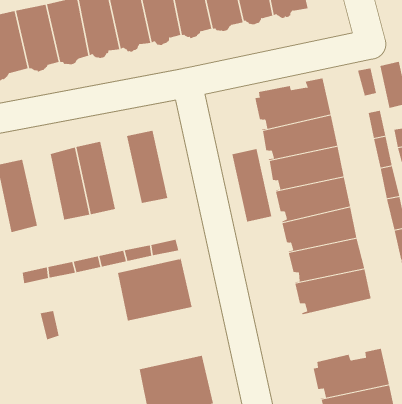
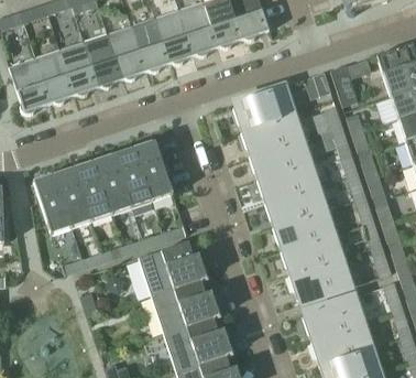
building: [232,148,272,222] -> [114,147,152,206]
building: none -> [54,168,91,226]
building: none -> [289,256,353,302]
building: none -> [151,278,214,332]

